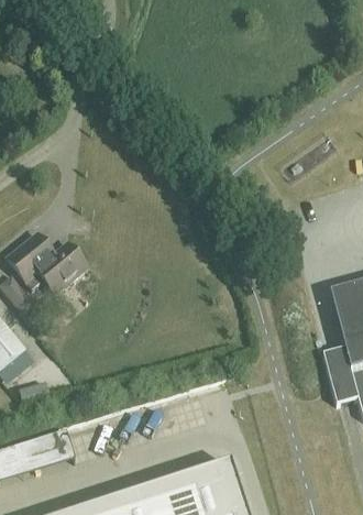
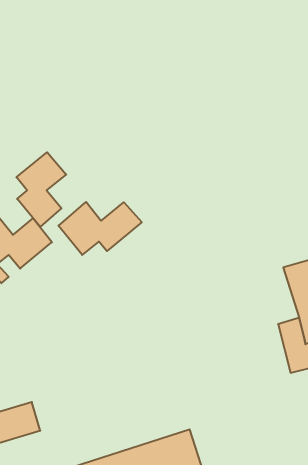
building: none -> [16,152,66,227]
building: none -> [58,202,142,255]

